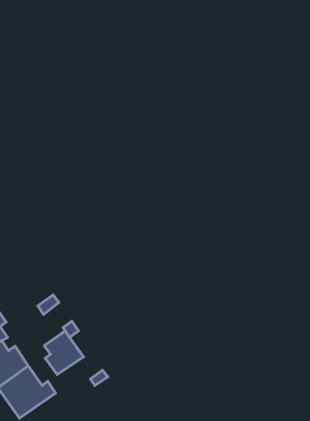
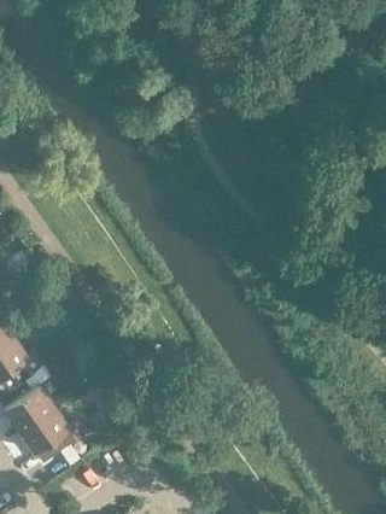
building: [45,331,83,375] -> none

